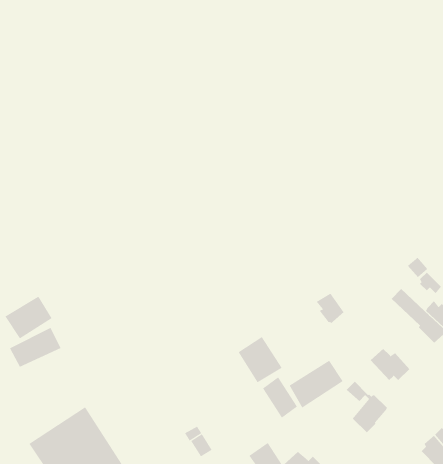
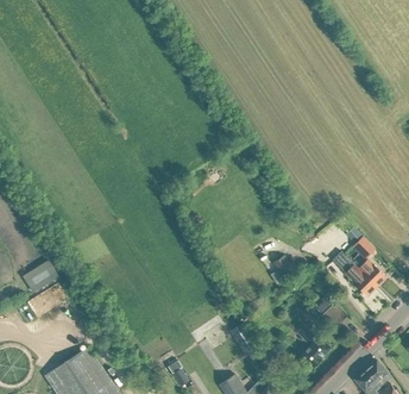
building: [238,336,282,383] -> none
building: [289,360,344,408] -> none

